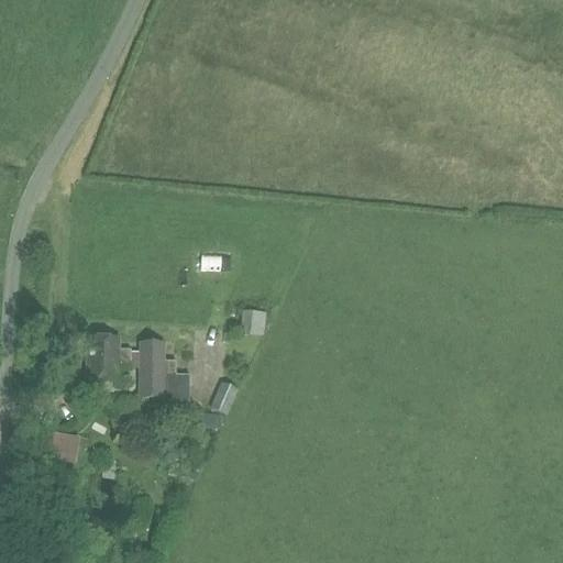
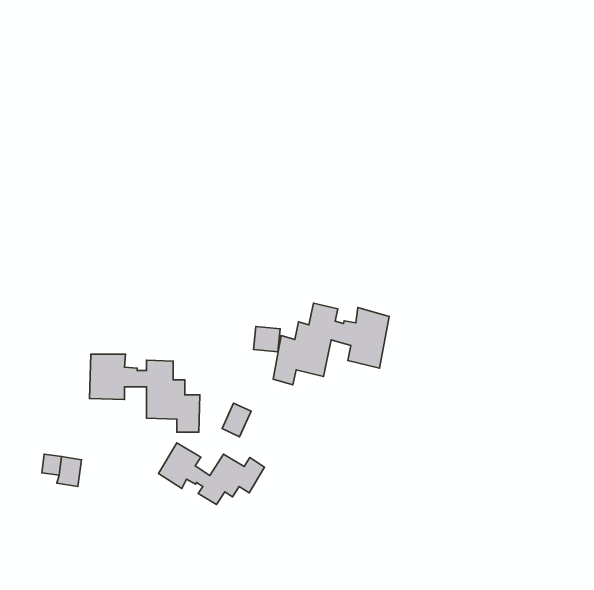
building: none -> [273,303,389,385]
building: none -> [158,443,265,504]

